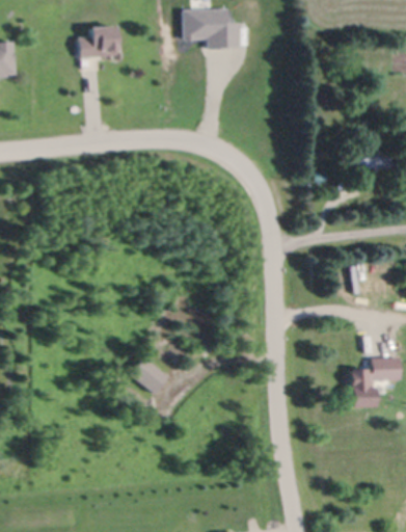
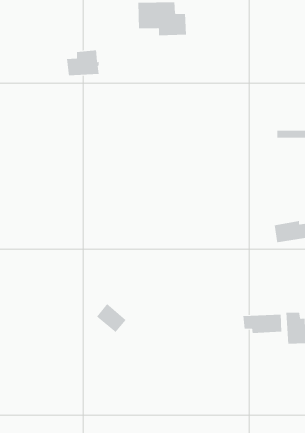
building: [80,27,118,57] -> [66,50,100,76]
building: none -> [243,314,282,334]

